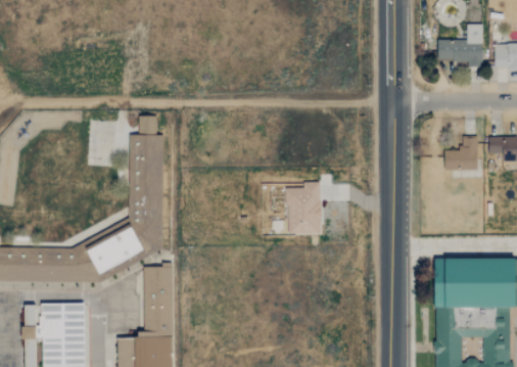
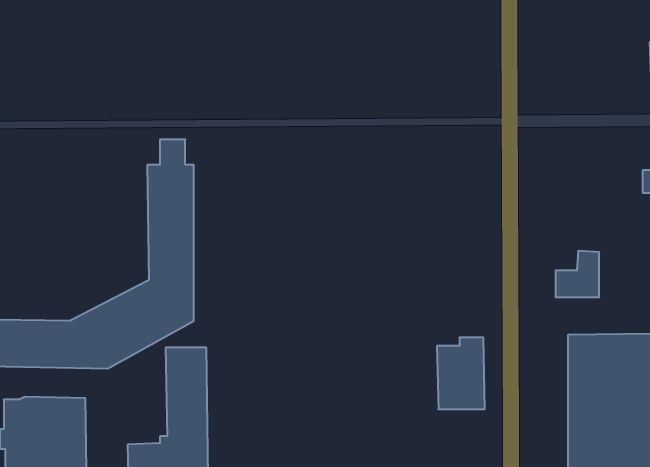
building: [437,25,482,67] -> none
building: [444,136,476,170] -> [556,251,599,297]
building: [286,182,321,234] -> [437,338,485,409]

